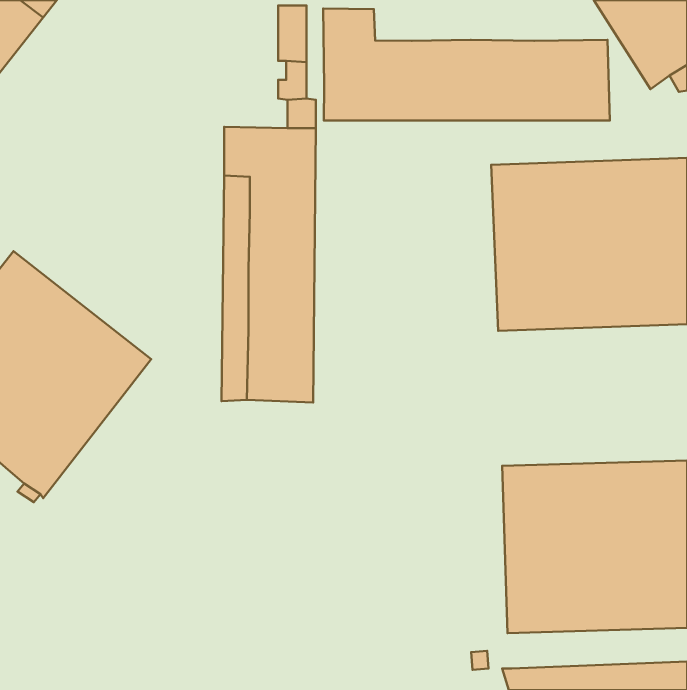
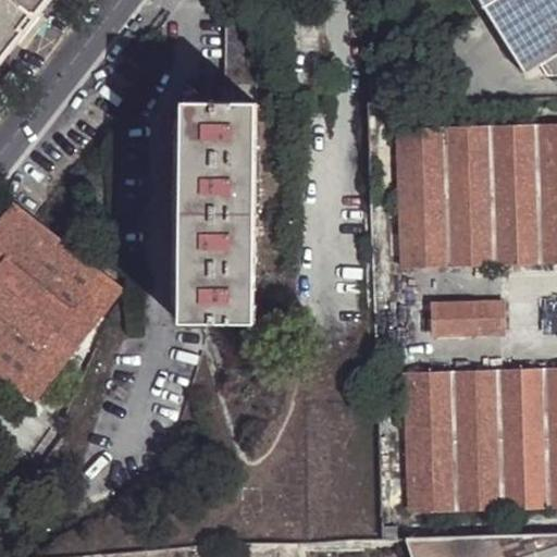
building: [323,9,610,121] -> none
building: none -> [431,301,503,335]

